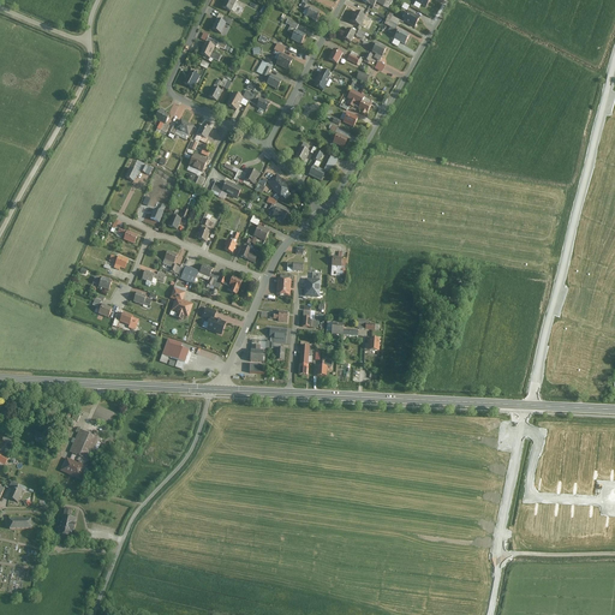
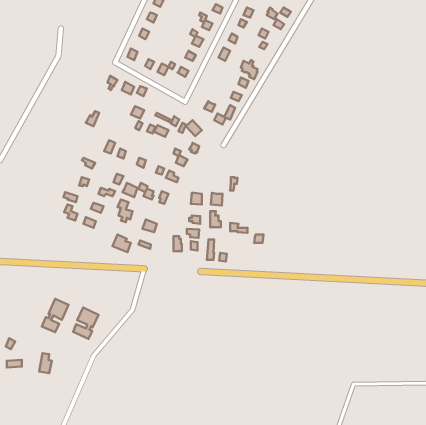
building: none -> [73,308,99,339]

